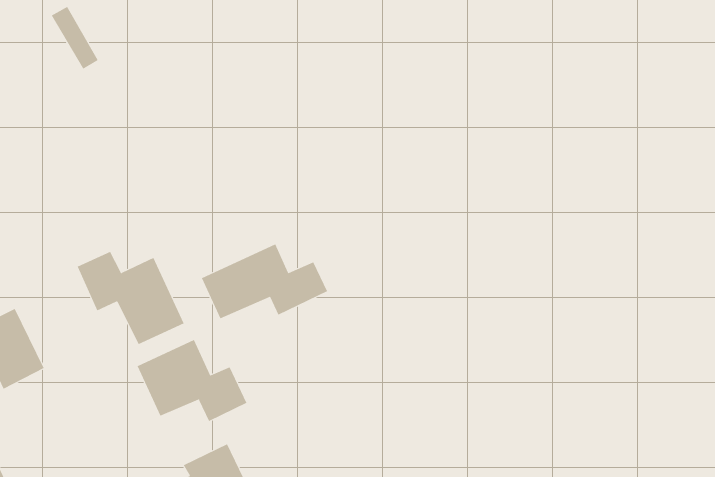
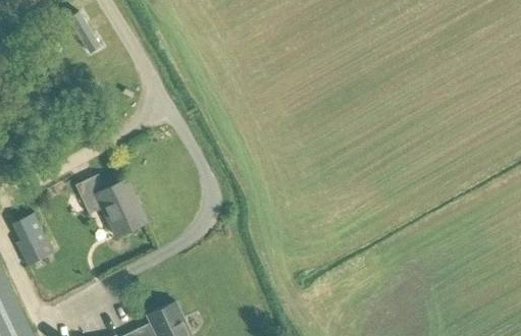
building: [201,243,328,319] -> none
building: [137,339,247,422] -> none

